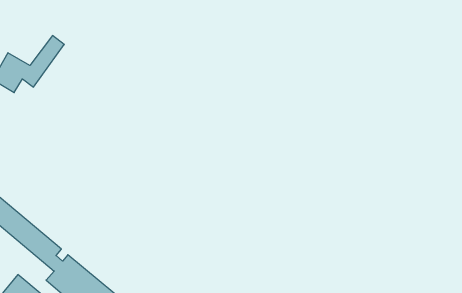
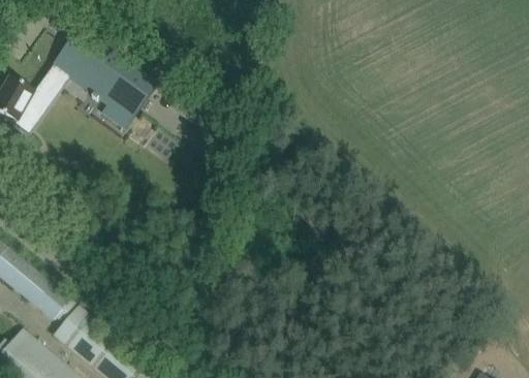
building: none -> [60,27,157,129]

